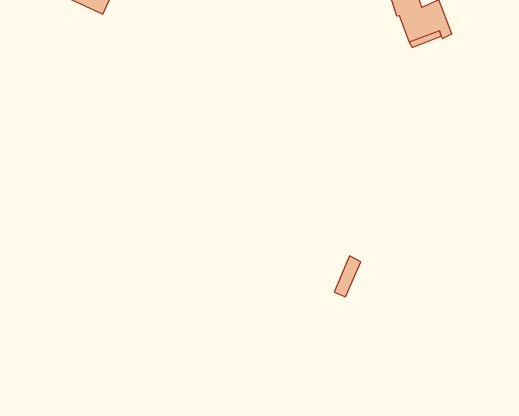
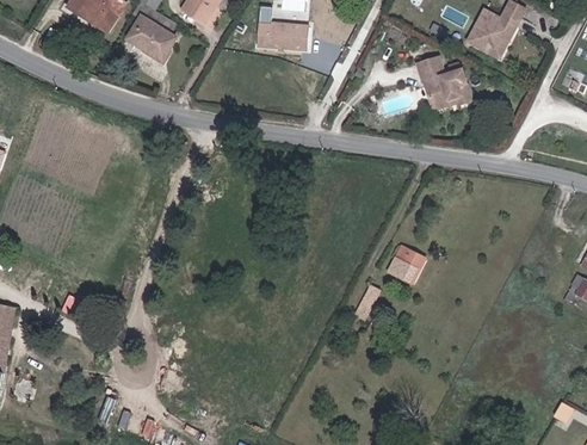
building: none -> [385,249,422,288]

